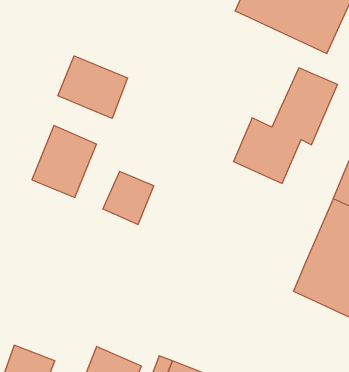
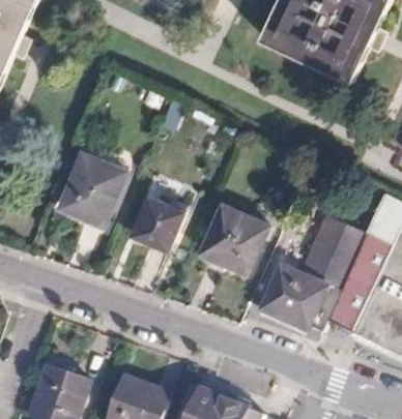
building: [58,56,128,118] -> none
building: [233,68,338,183] -> [256,213,360,328]
building: none -> [201,205,266,270]

